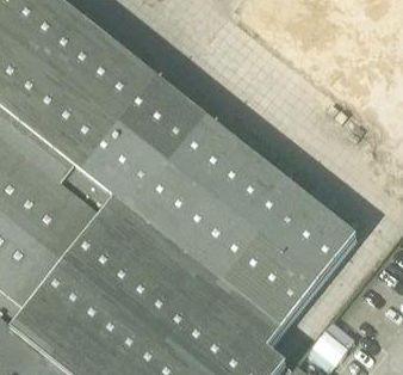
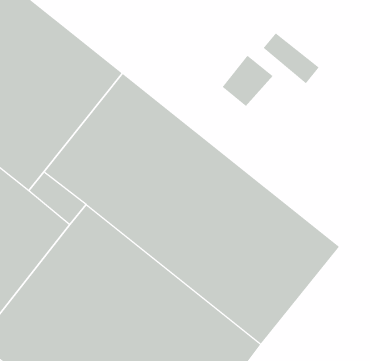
building: none -> [263,32,320,84]
building: none -> [222,55,273,107]

